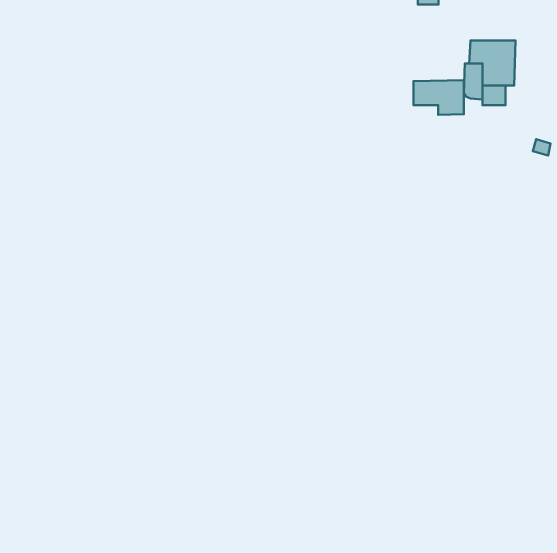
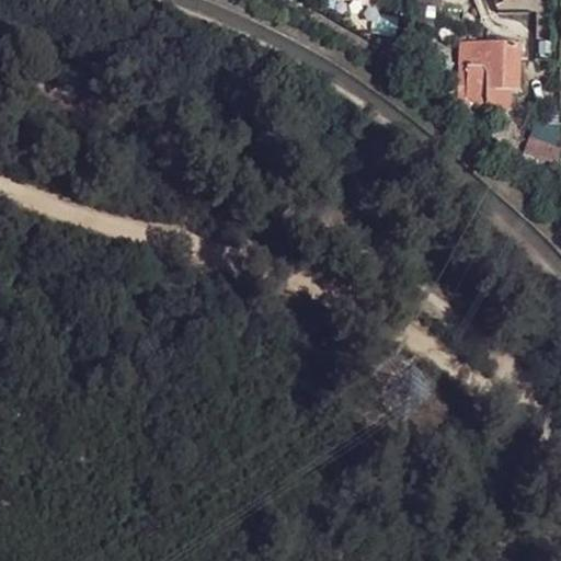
building: [414,80,464,115] -> none

